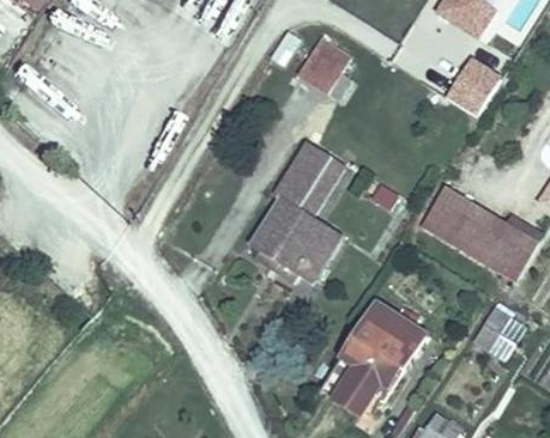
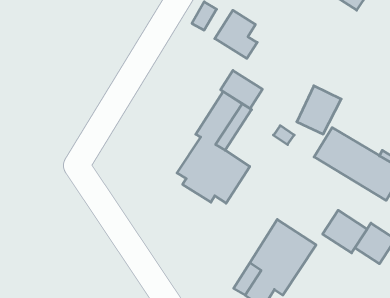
building: [445,53,501,114] -> [297,86,341,134]
building: none -> [221,70,262,109]
building: none -> [323,210,367,253]

